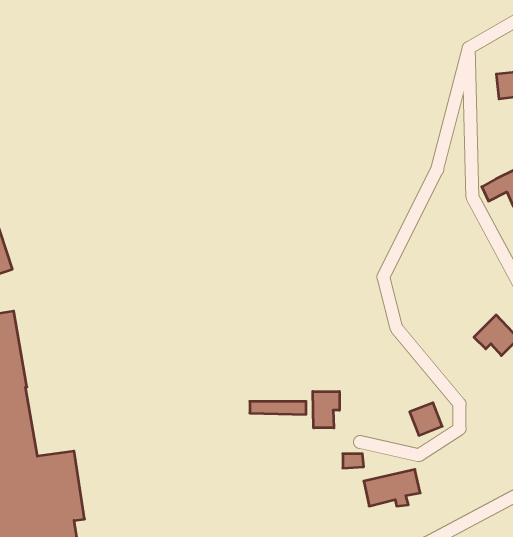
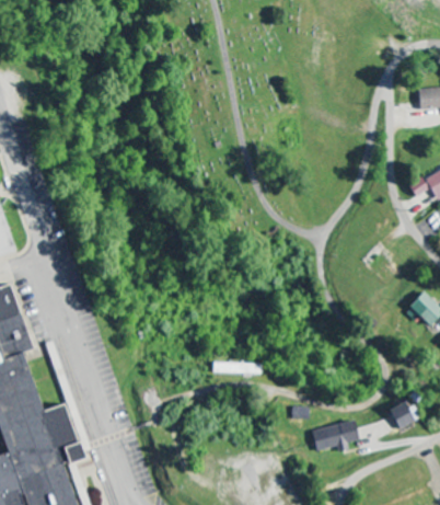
building: [313,391,339,428] -> none
building: [410,403,442,435] -> [387,401,415,428]

